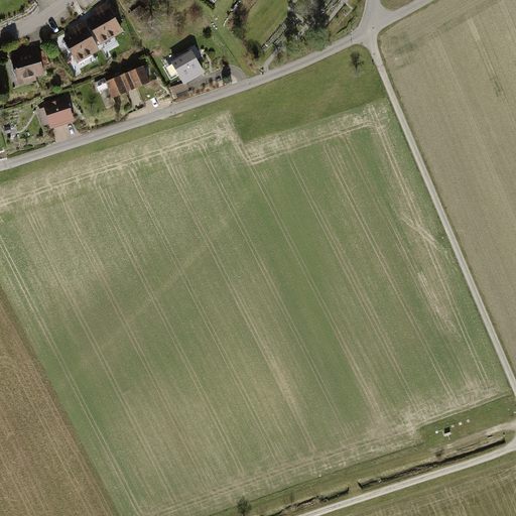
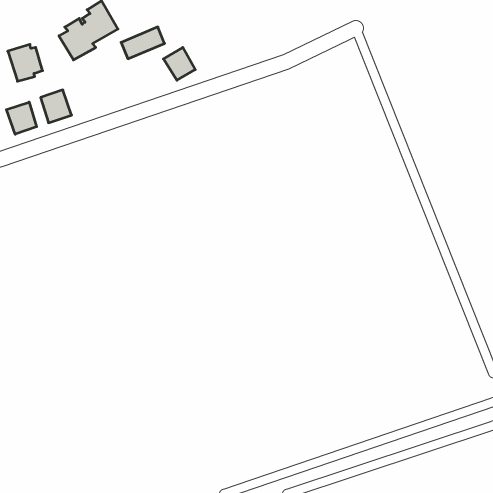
building: [105,66,150,99] -> [121,27,165,59]
building: none -> [6,102,37,134]

